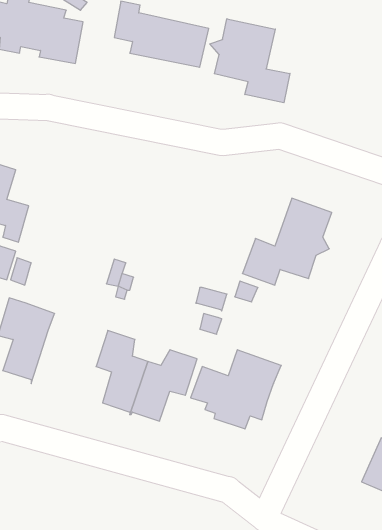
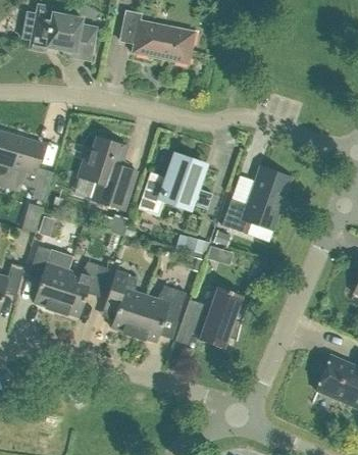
building: [210,19,290,103] -> none
building: none -> [78,137,137,210]
building: none -> [138,154,212,215]
building: none -> [55,261,108,317]

